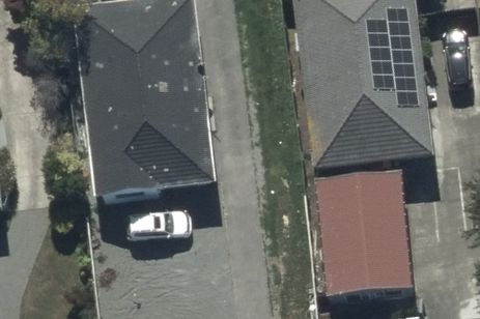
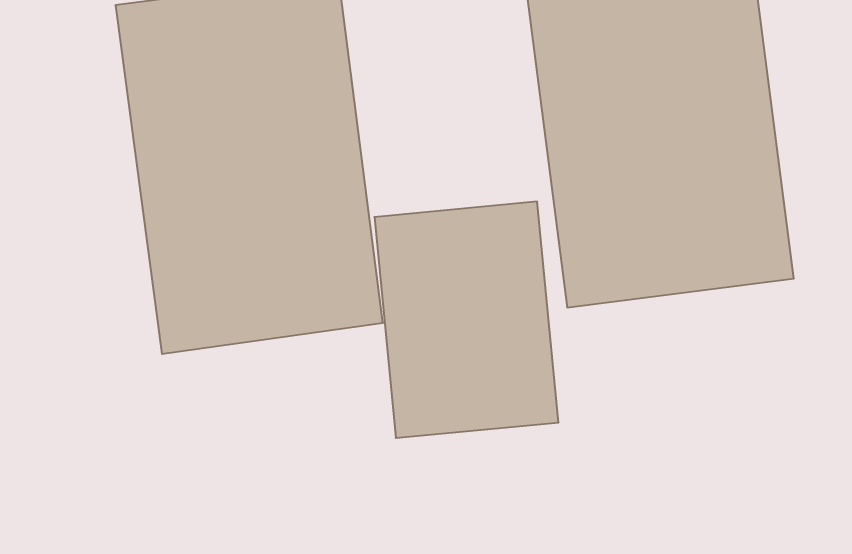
building: [315,169,414,295] -> [374,202,559,438]

